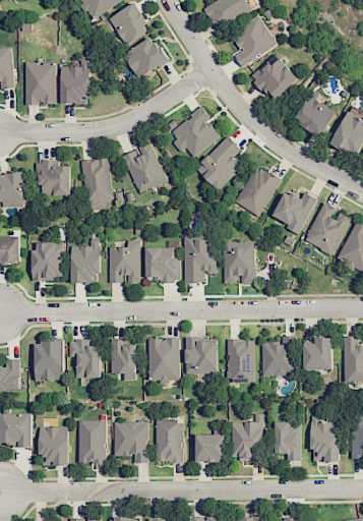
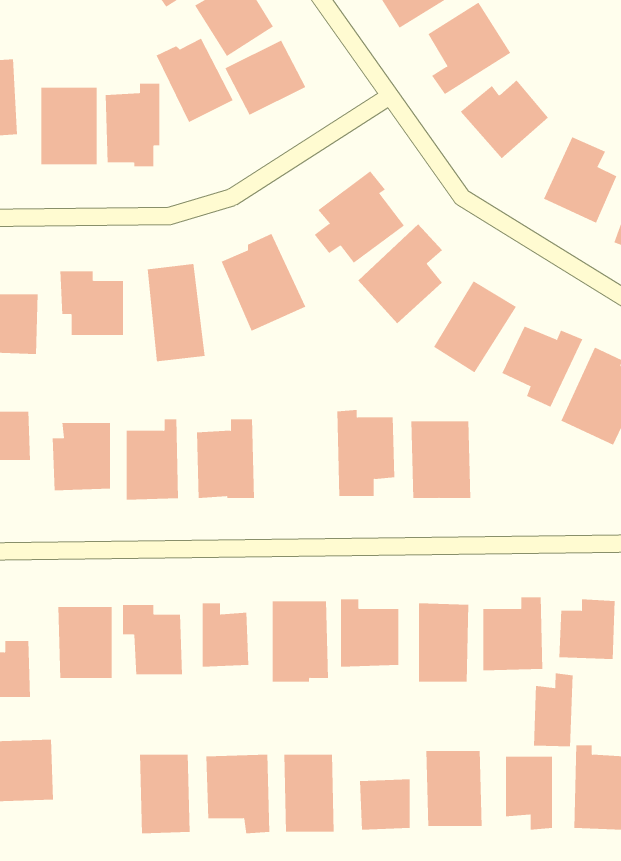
building: none -> [156,38,233,123]
building: [145,246,180,280] -> none
building: none -> [533,672,573,747]
building: [39,426,68,465] -> none

